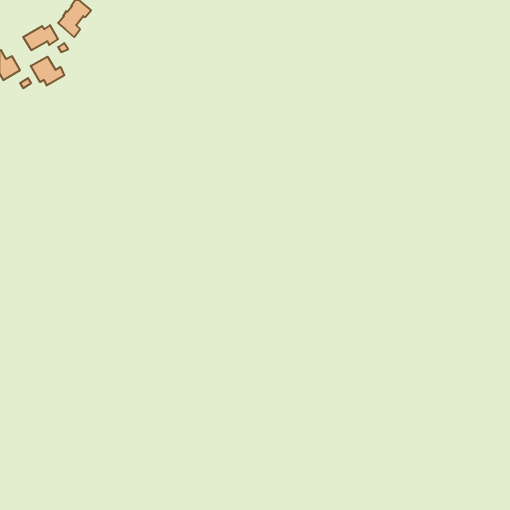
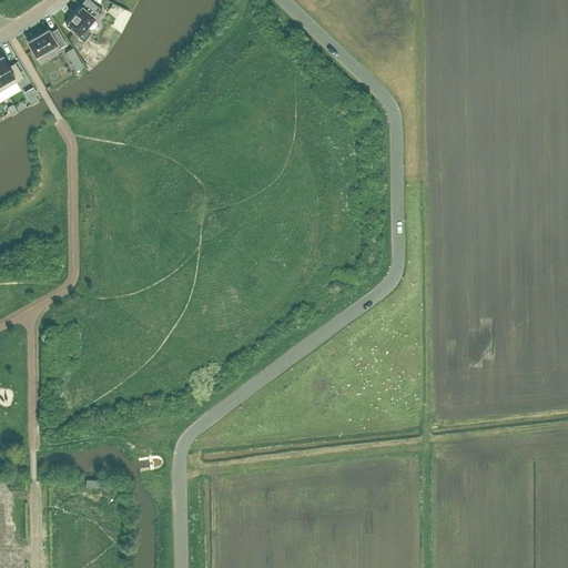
building: [31,57,64,86] -> none

